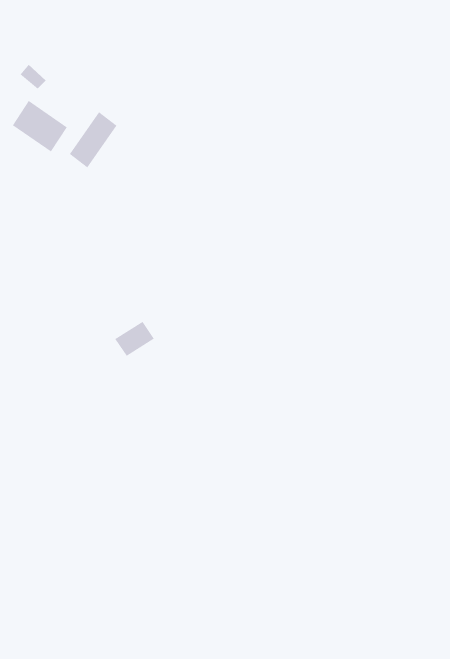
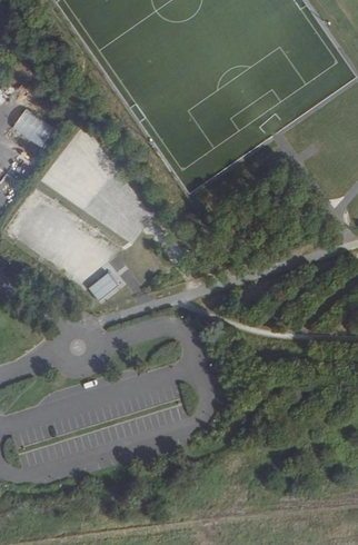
building: [69,111,117,168] -> none

